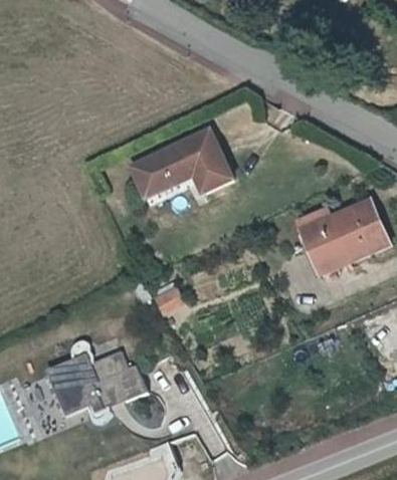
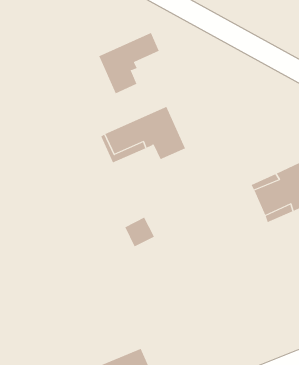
building: none -> [98,32,159,94]
building: [46,347,147,414] -> none

